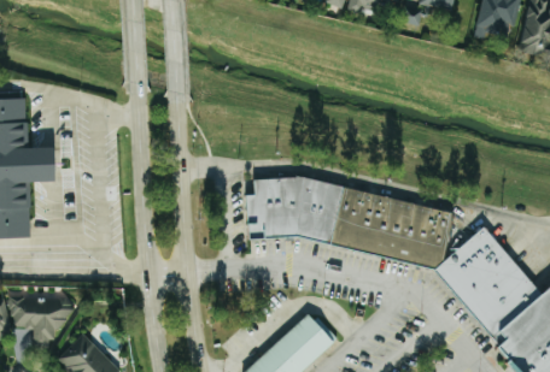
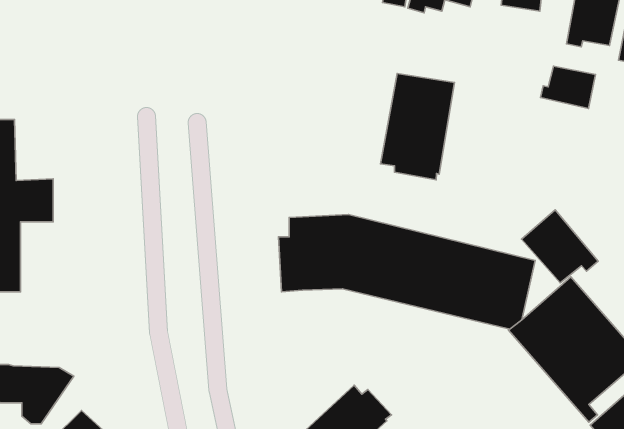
building: none -> [541,66,595,109]
building: none -> [381,73,455,180]
building: none -> [522,210,598,283]

